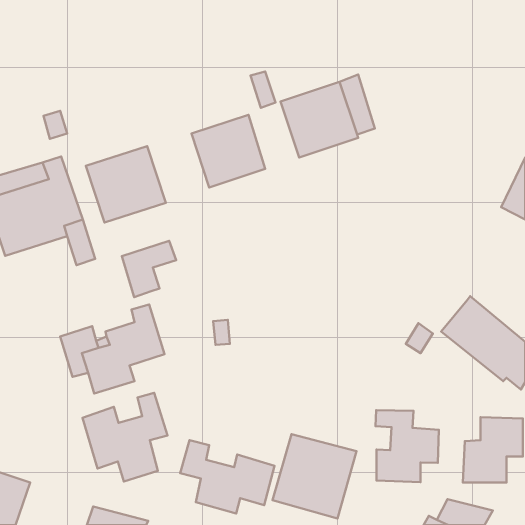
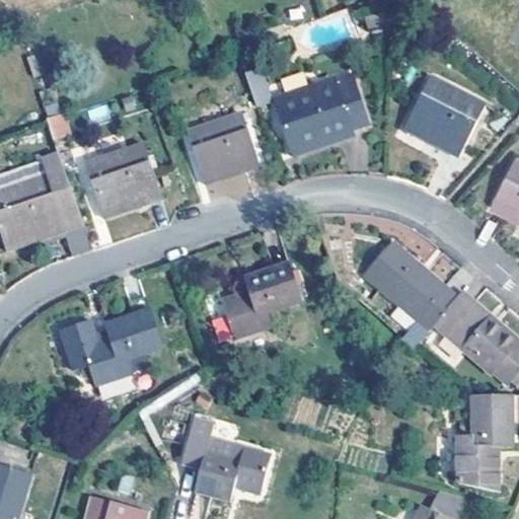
building: none -> [402,77,484,156]
building: [122,241,176,297] -> none
building: none -> [365,241,457,327]
building: none -> [221,264,301,339]
building: [82,393,167,481] -> none
building: [376,410,439,482] -> none
building: [273,434,356,519] -> none

